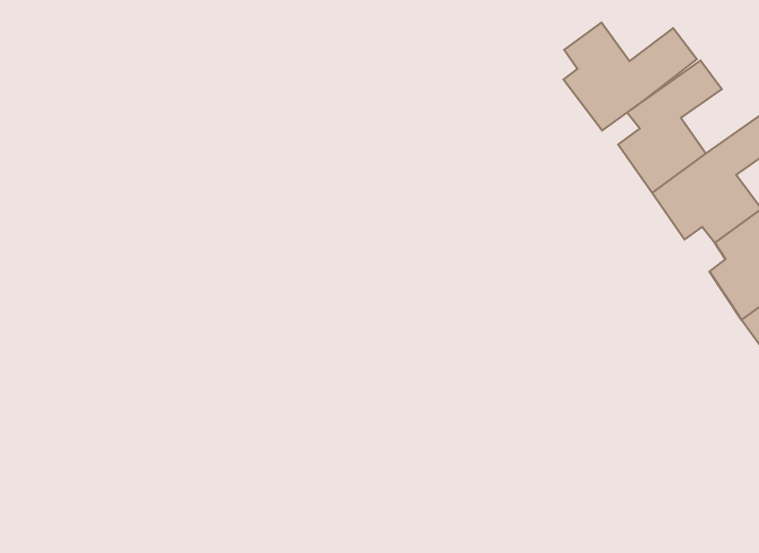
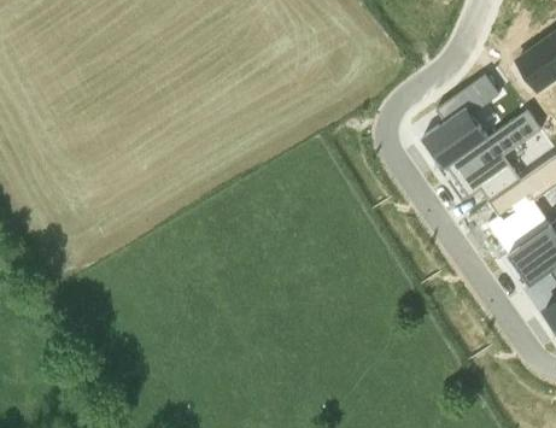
building: [563,22,697,131] -> none

